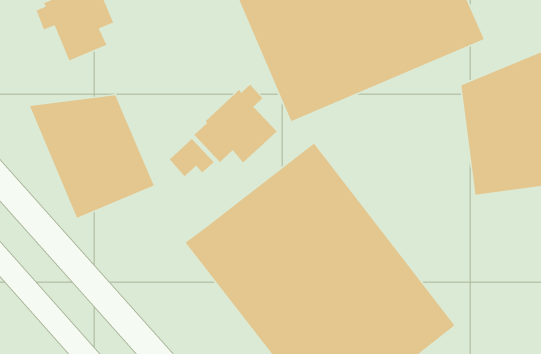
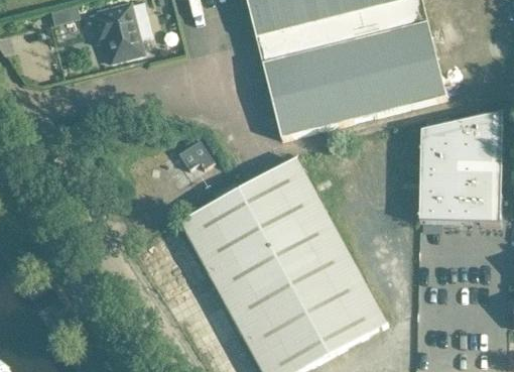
building: [193,84,277,164] -> none
building: [29,94,155,219] -> none

